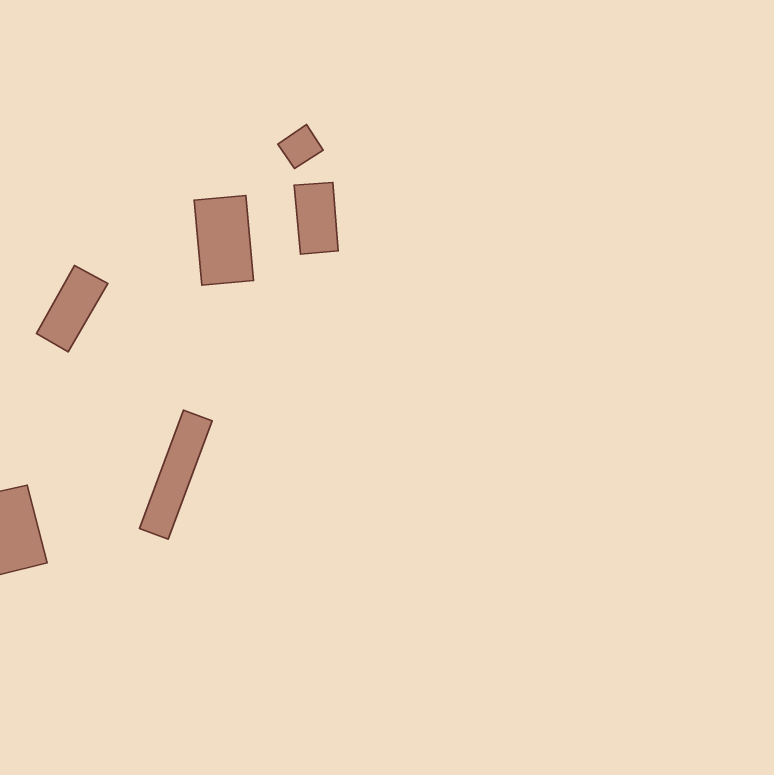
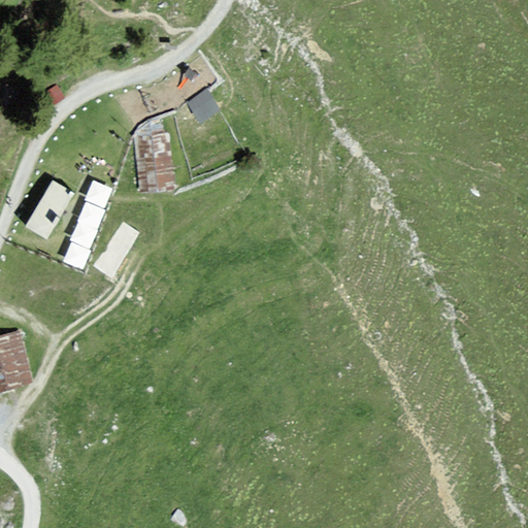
building: [294,183,338,254] -> none
building: [139,410,212,539] -> [64,176,113,264]

